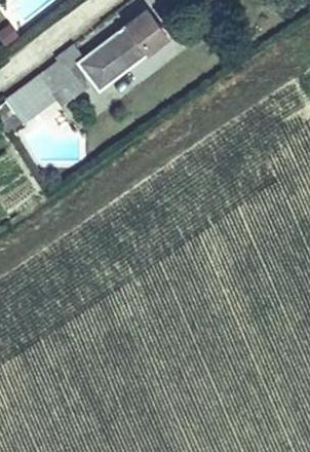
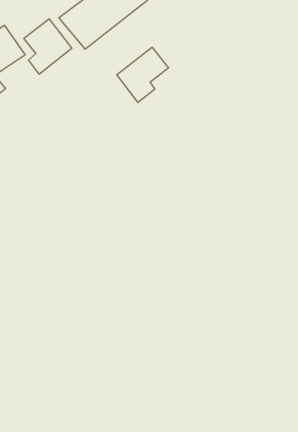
building: none -> [117,47,169,102]

